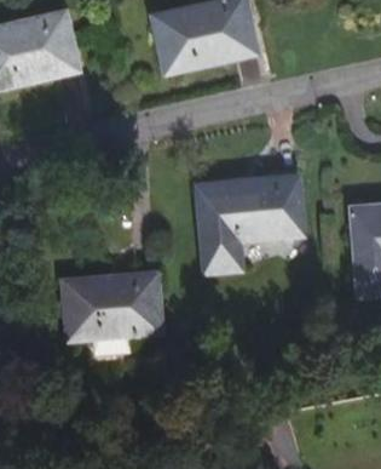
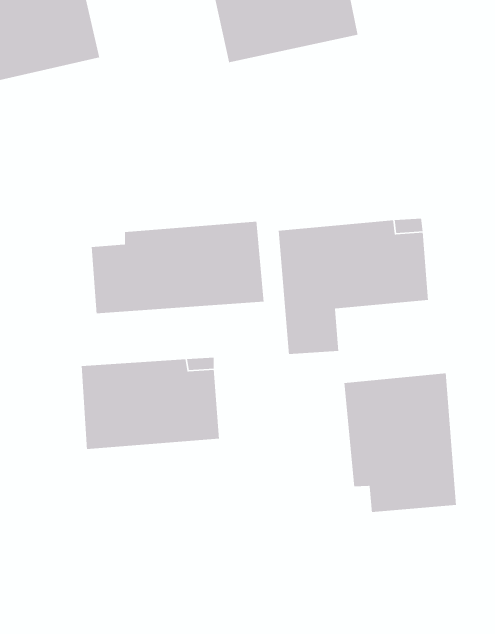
building: none -> [91,221,265,314]
building: none -> [344,373,457,513]

